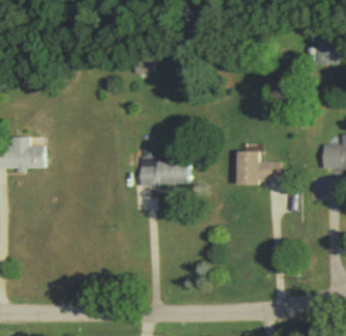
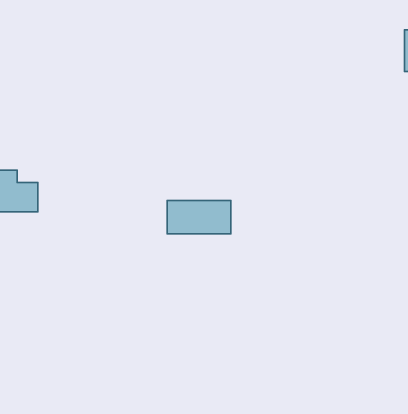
building: [235,151,280,184] -> none

